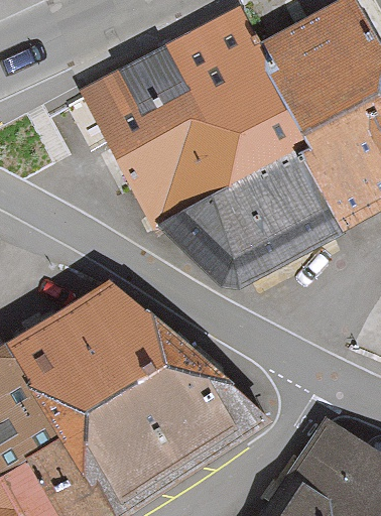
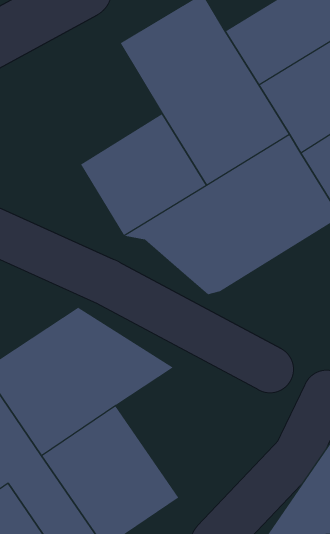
building: [81,47,195,156] -> none
building: [133,349,271,469] -> none

